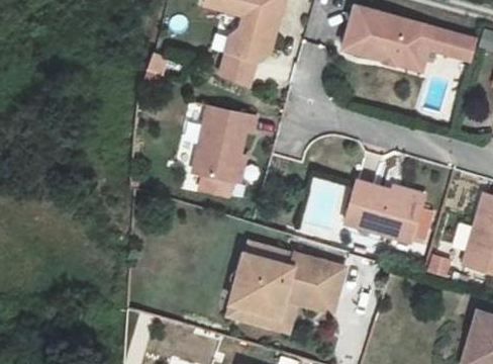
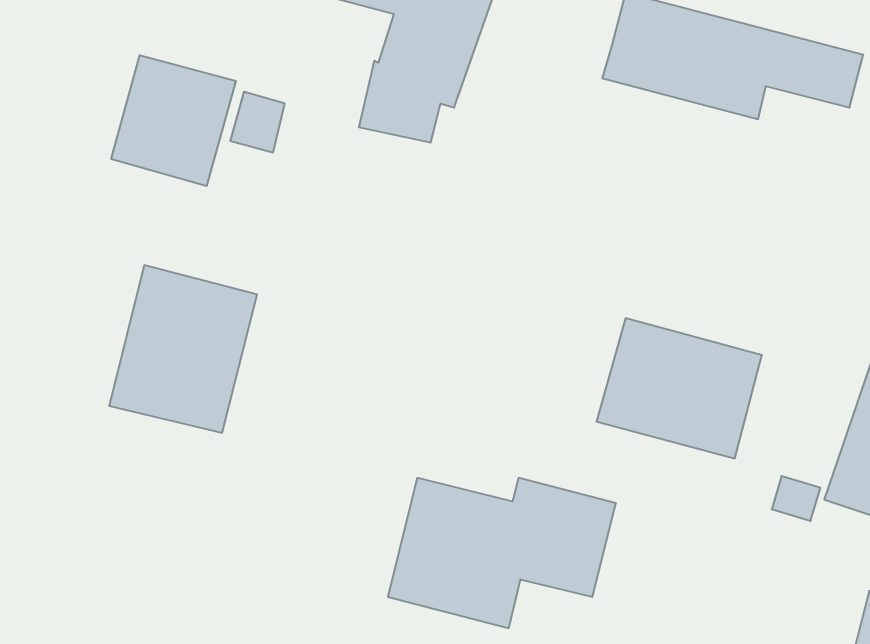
building: none -> [111,55,236,186]
building: [182,99,259,186] -> [109,265,257,433]

